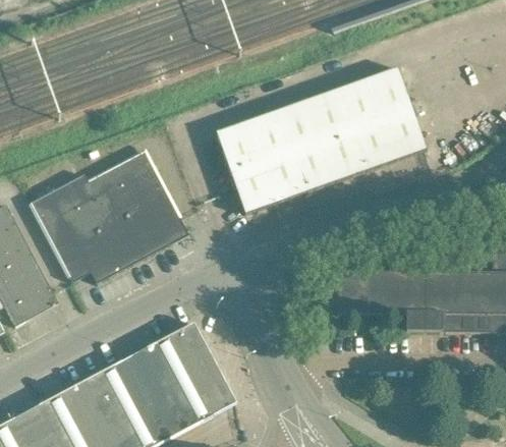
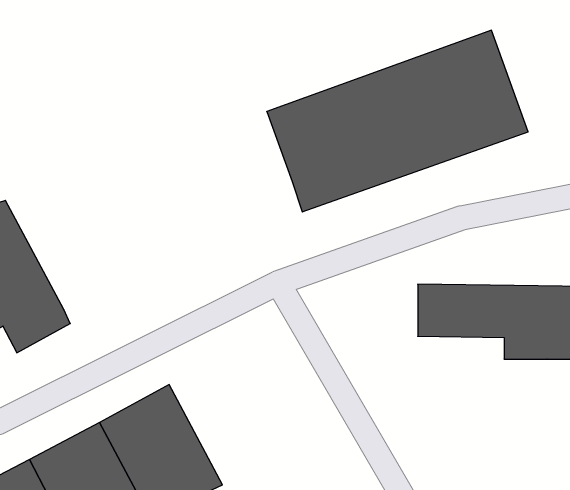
building: [30,151,187,282] -> none
building: [136,322,235,432] -> none

